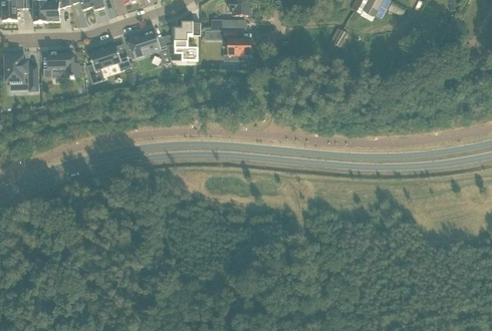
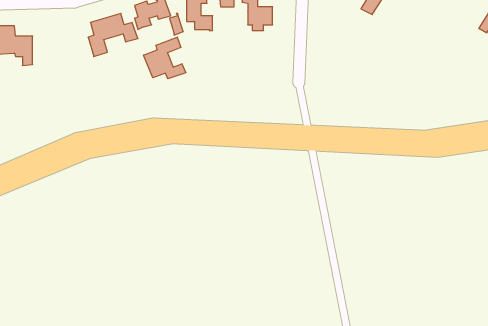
building: [42,53,78,77] -> none
building: none -> [144,37,186,79]

